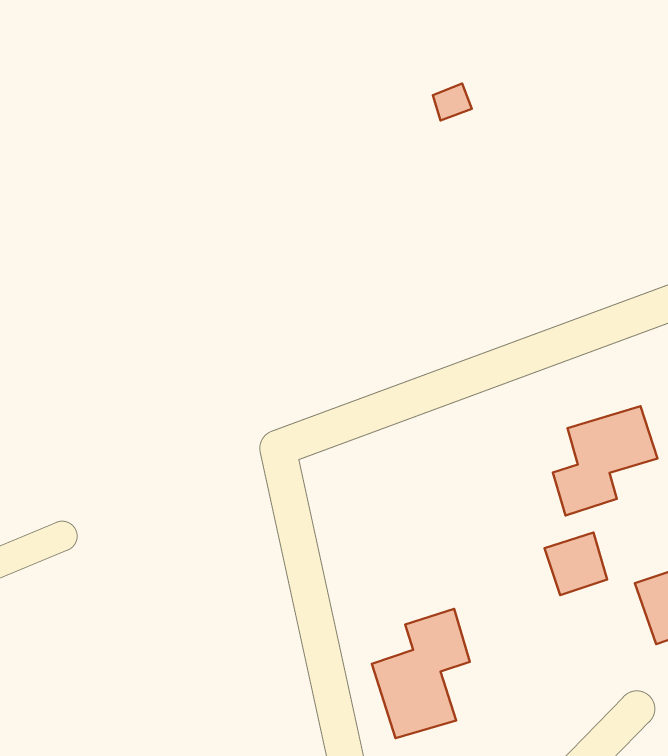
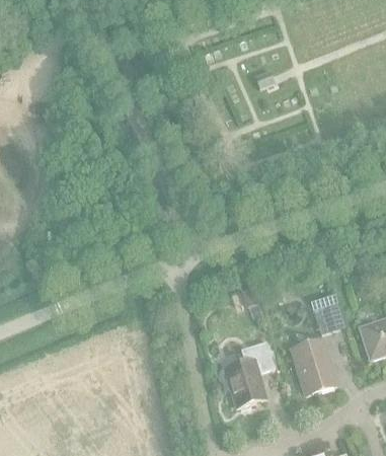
building: [553,406,658,515] -> none
building: none -> [291,339,336,395]

